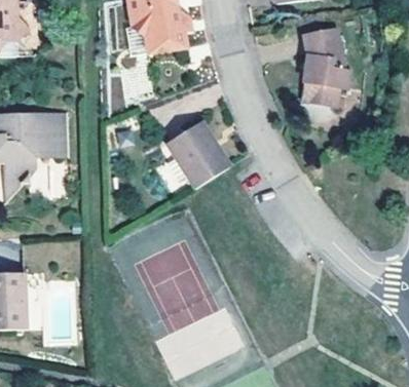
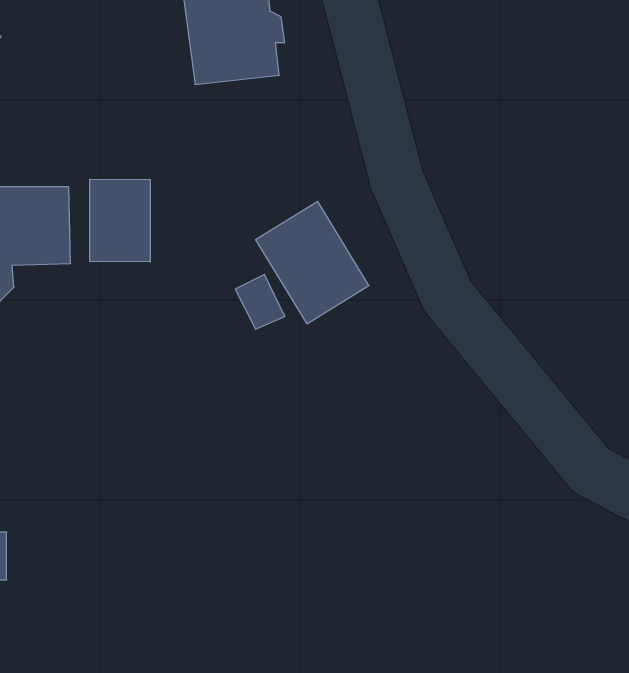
building: [297,29,355,112] -> none
building: none -> [90,179,150,262]

